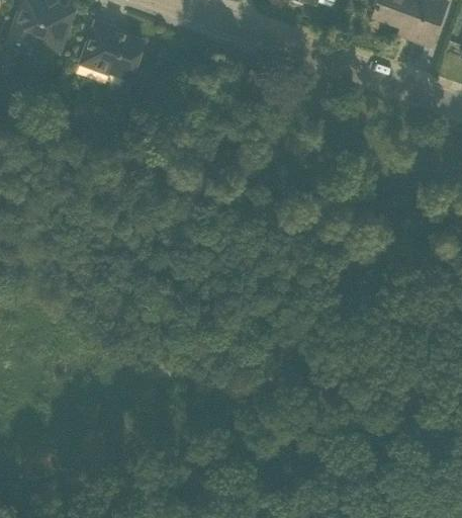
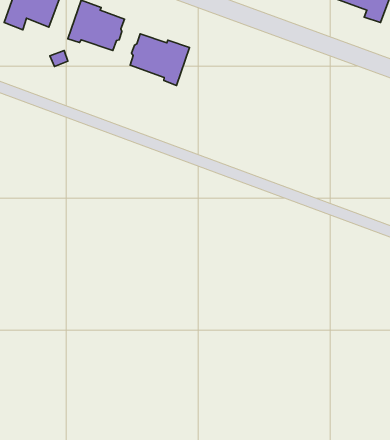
building: none -> [130,34,190,85]

